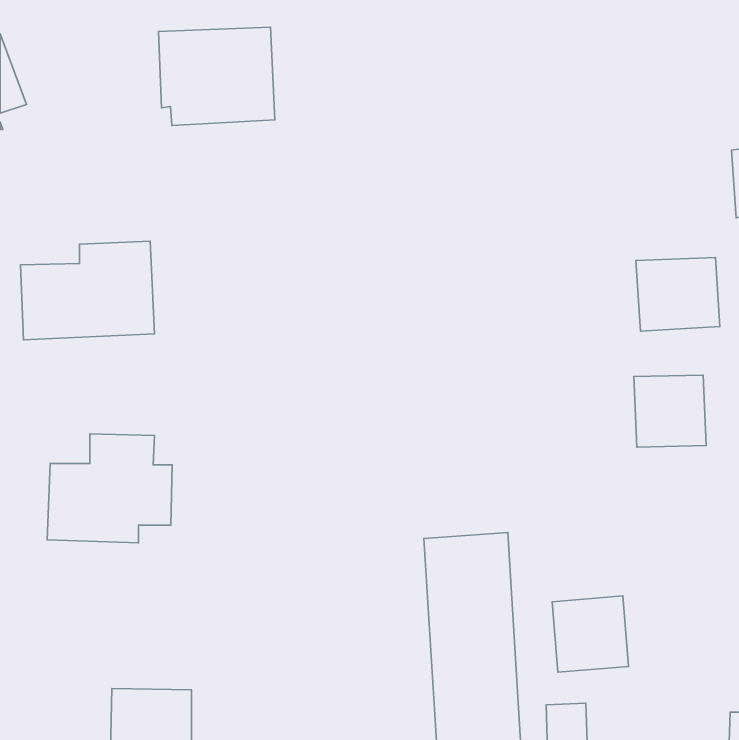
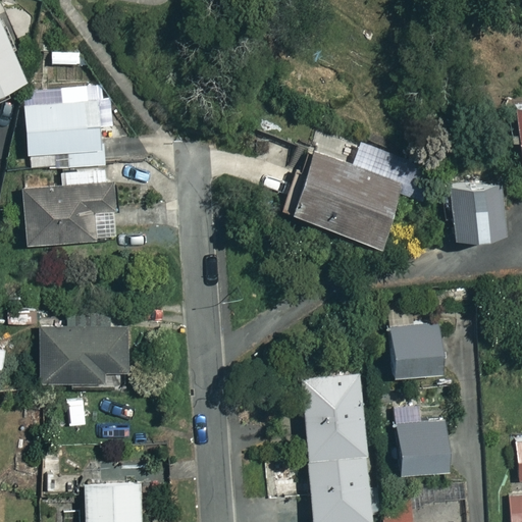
building: [159,27,275,126] -> [27,103,107,171]
building: none -> [288,151,399,244]
building: [634,375,706,447] -> [387,325,437,375]

